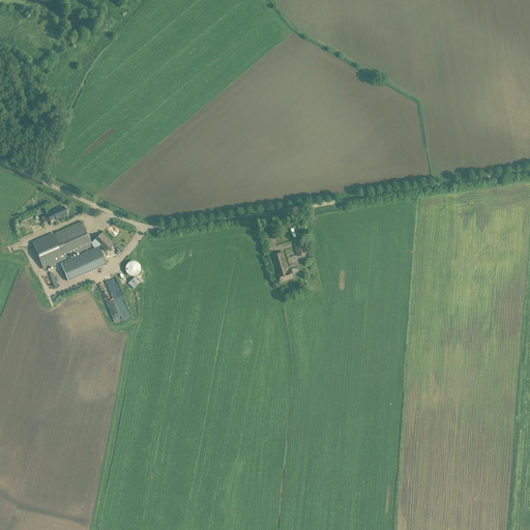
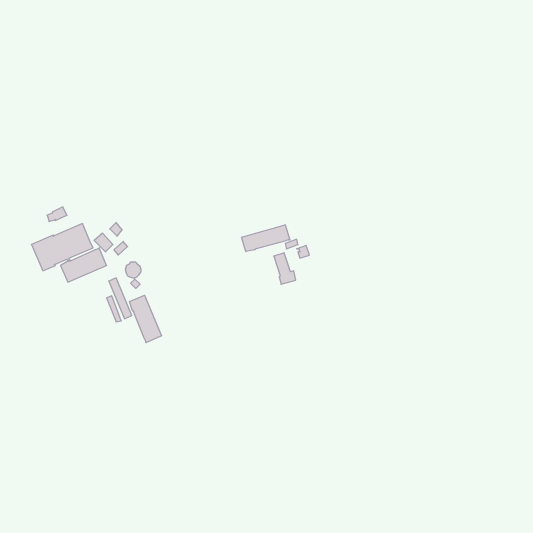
building: none -> [242,225,290,252]
building: none -> [130,295,161,343]

